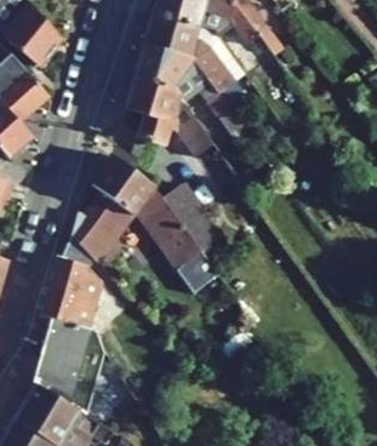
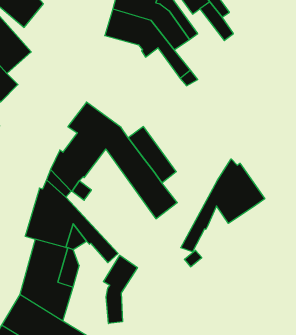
building: [126,78,215,158] -> none
building: none -> [181,159,265,252]
building: none -> [103,255,137,324]

